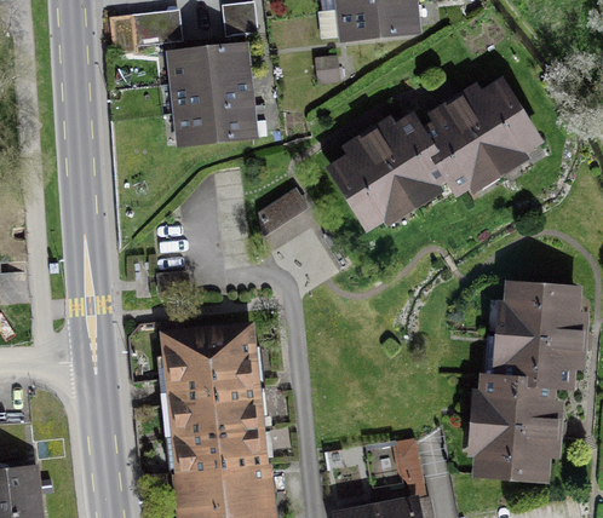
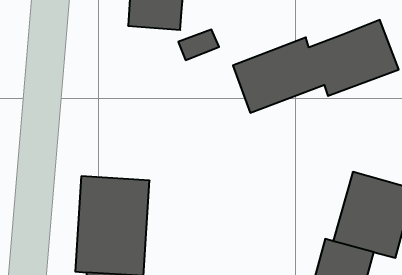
building: [258,188,311,232] -> [178,30,219,60]

